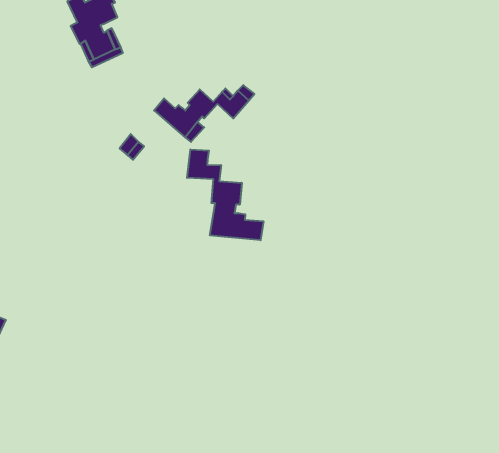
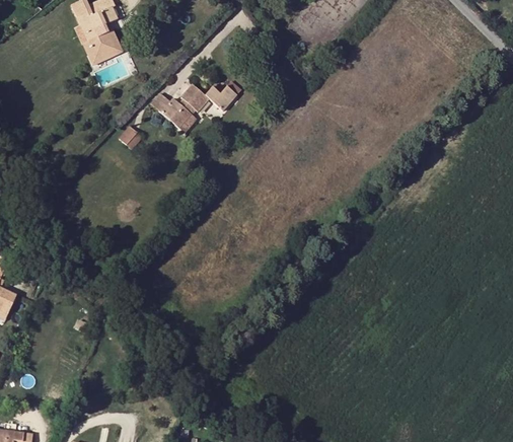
building: [187,149,263,240] -> none

